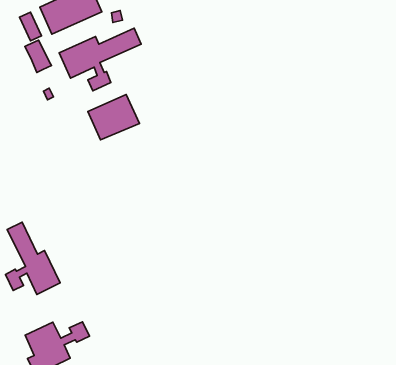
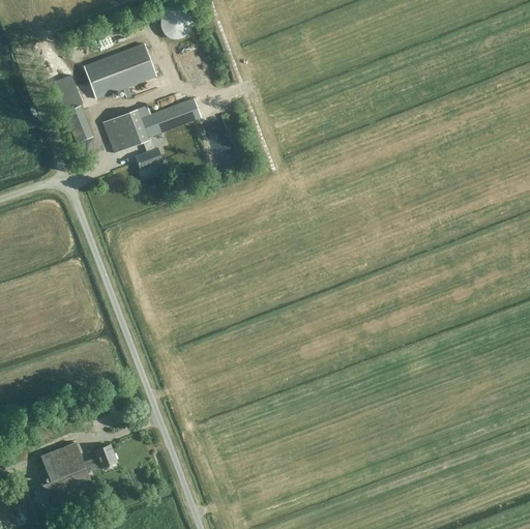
building: [88,94,139,140] -> none
building: [6,222,60,295] -> none

